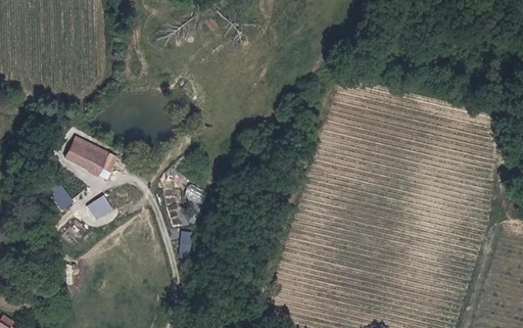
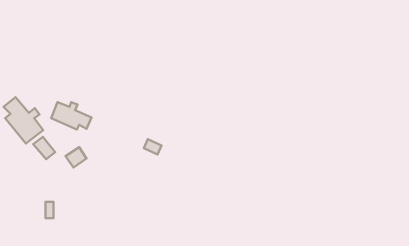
building: none -> [4,97,43,143]

